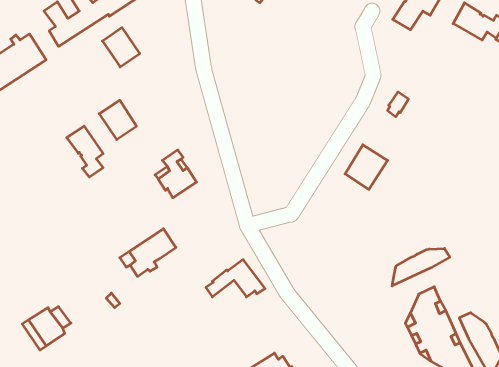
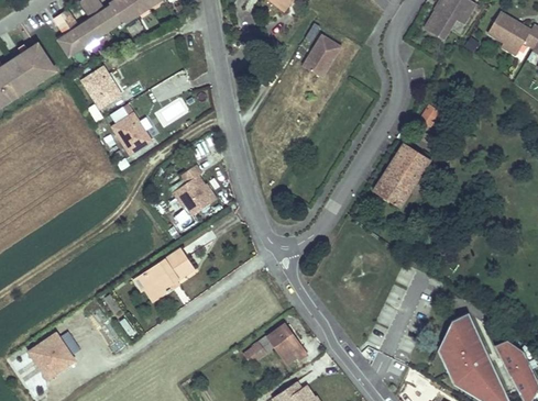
building: none -> [303,34,340,77]
building: [102,28,140,67] -> [83,67,122,109]
building: [67,126,103,177] -> none
building: none -> [392,143,429,177]
building: [392,248,450,286] -> none
building: [206,260,265,297] -> [245,324,308,364]

